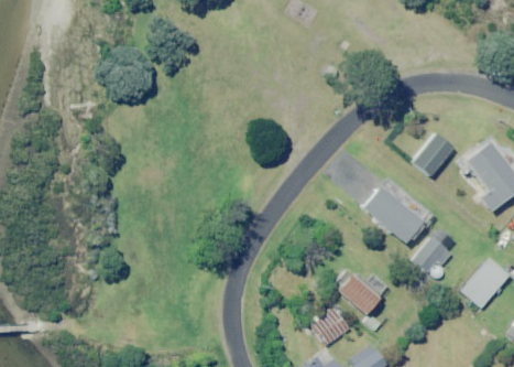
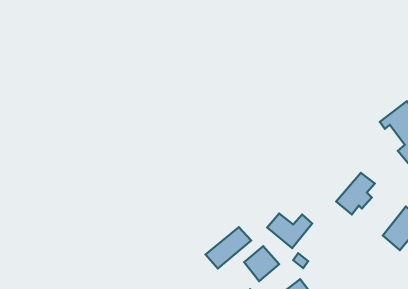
building: [416,138,456,180] -> none
building: [362,181,422,237] -> none
building: none -> [206,227,251,269]

